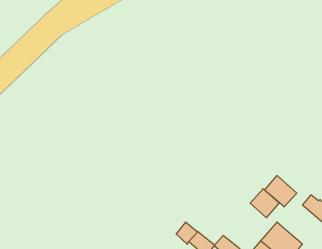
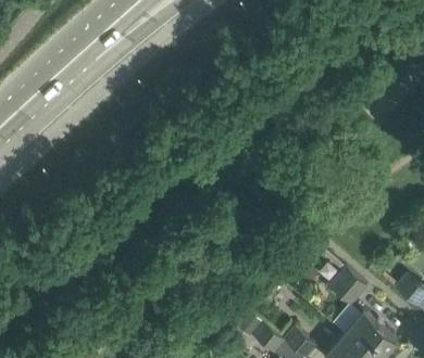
building: [265,176,297,207] -> none

